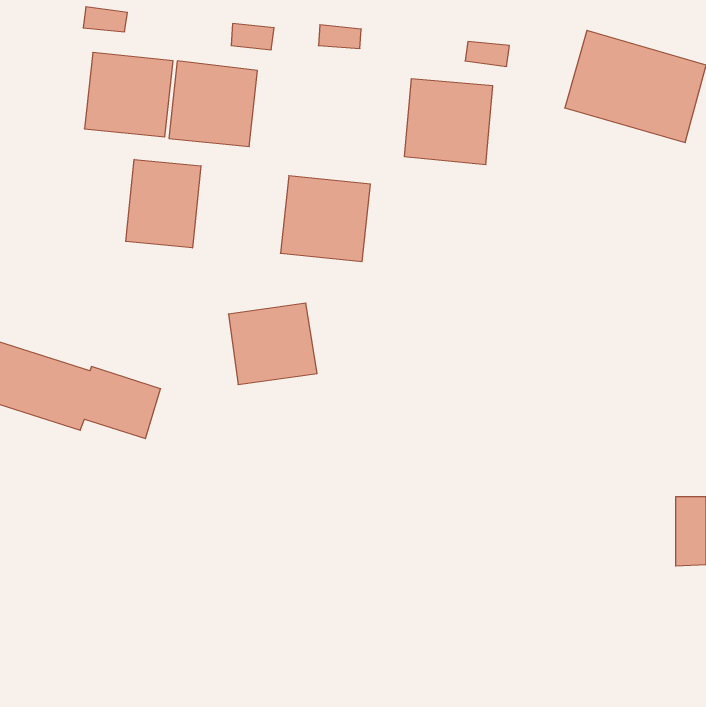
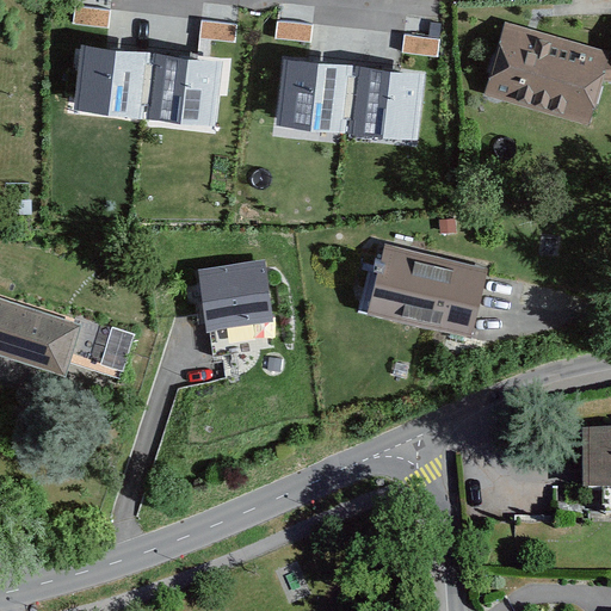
building: [126,159,201,248] -> none
building: [280,176,370,262] -> [274,60,352,134]
building: none -> [366,239,488,333]

